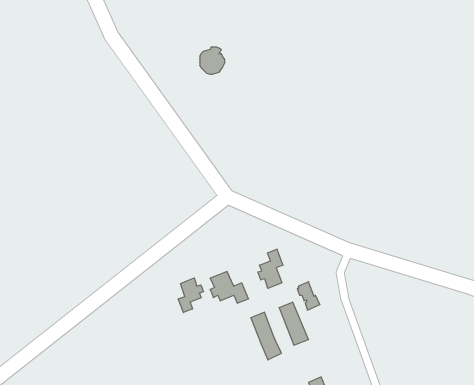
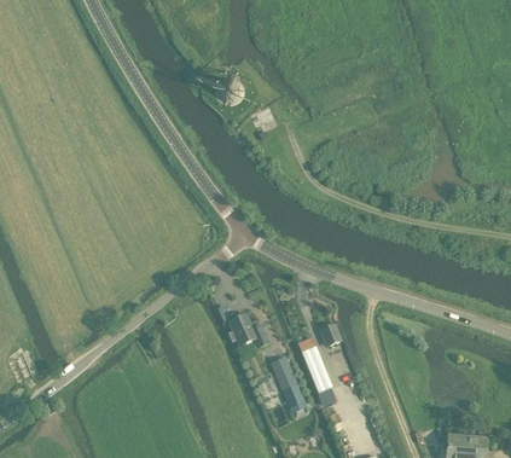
building: [258,249,283,288] -> none
building: [178,278,203,313] -> none

